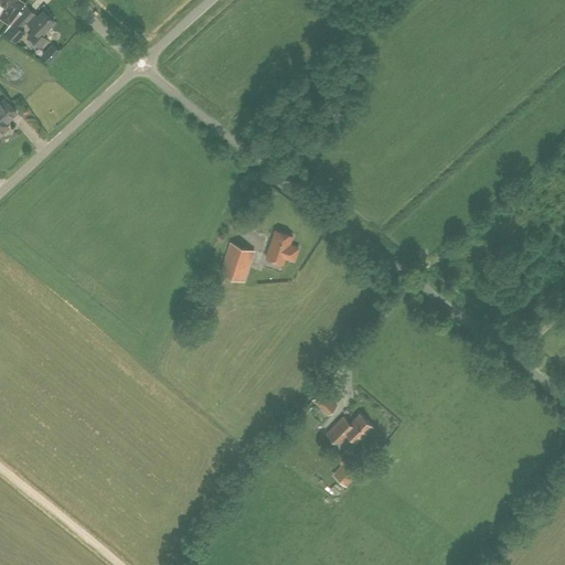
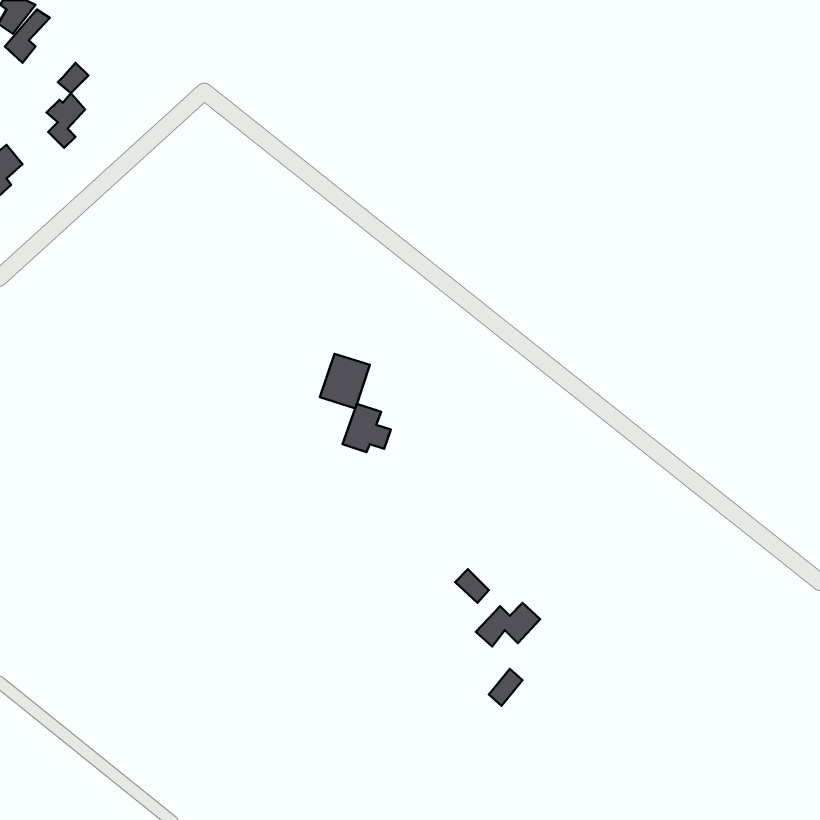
building: [26,11,53,49] -> [47,93,85,148]
building: [265,231,298,264] -> [342,404,391,452]

